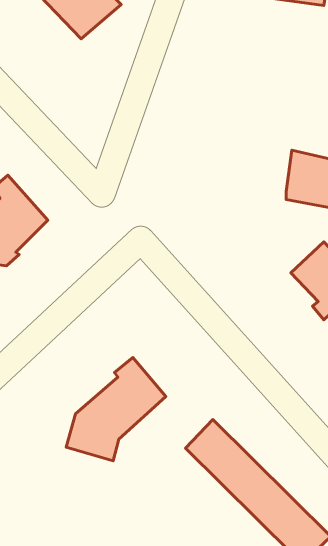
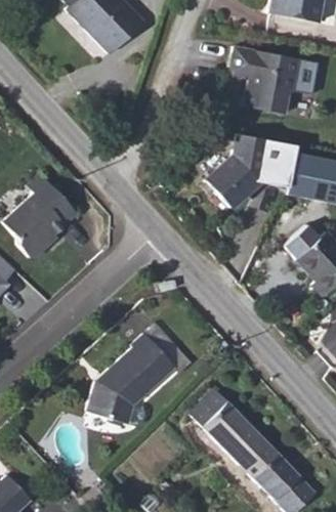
building: none -> [228,48,300,112]
building: none -> [200,134,292,212]

